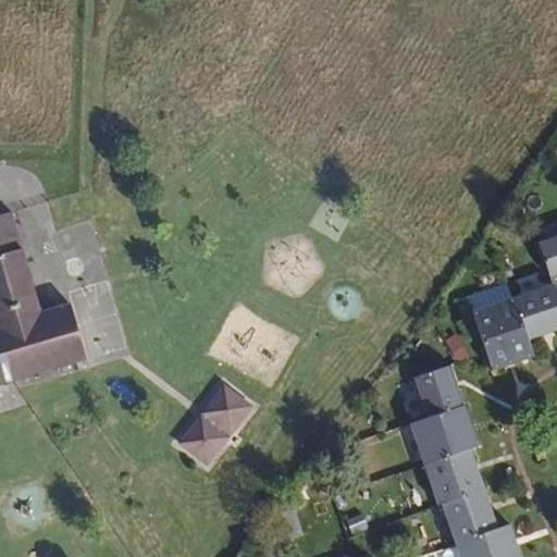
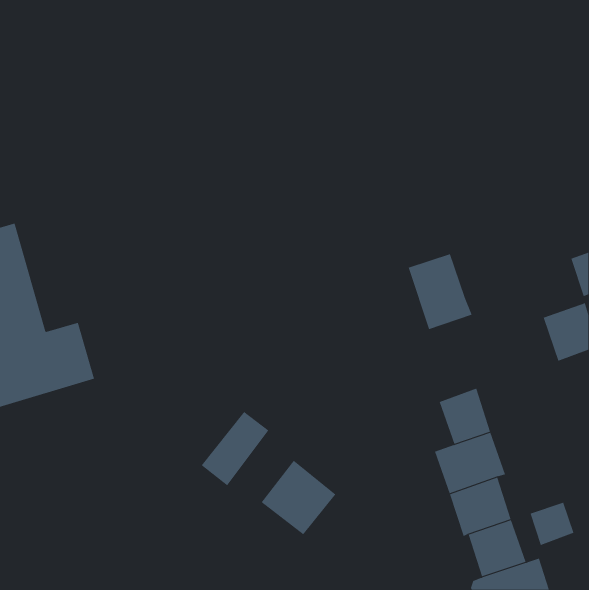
building: [471,299,532,371] -> [408,254,472,330]
building: none -> [261,460,336,535]
building: none -> [530,502,574,546]

